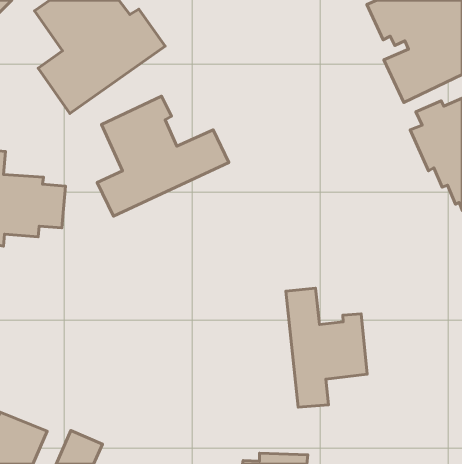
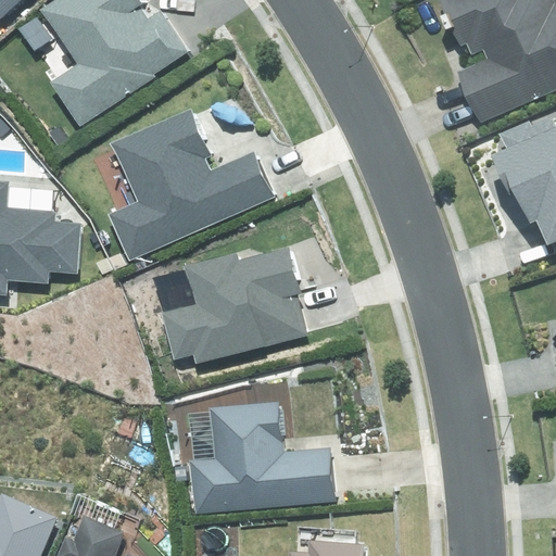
building: none -> [160,249,309,365]
building: [286,288,367,407] -> none
building: none -> [188,402,334,515]

